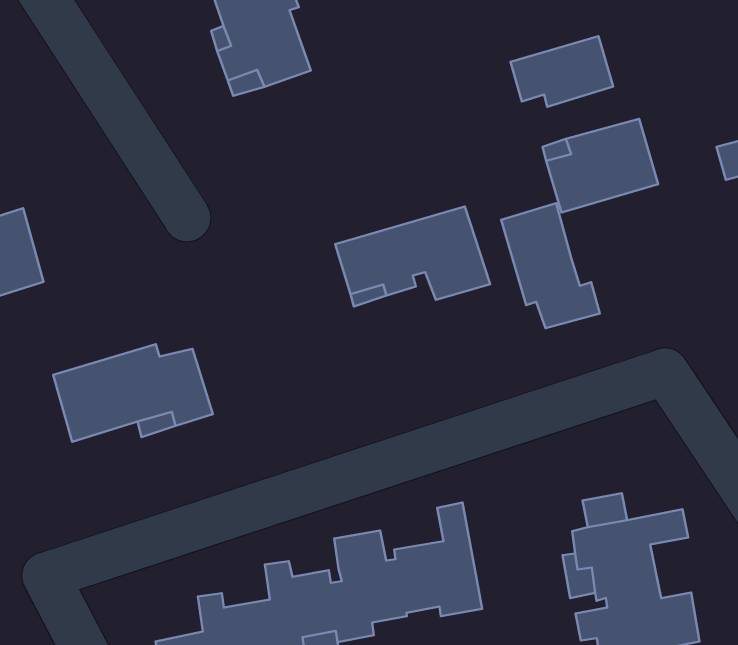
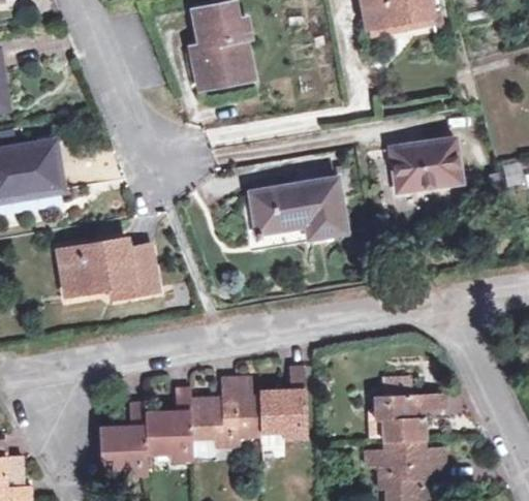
building: [511,36,613,107] -> none
building: [501,203,600,328] -> none

